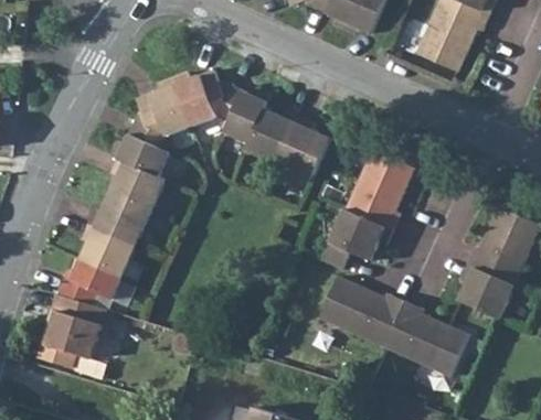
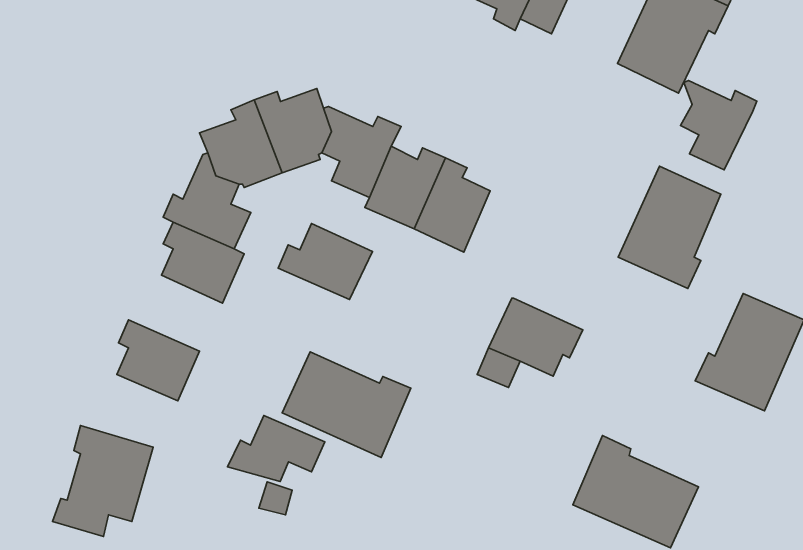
building: none -> [680,80,757,170]
building: [346,149,414,230] -> [618,166,721,289]
building: [88,194,151,245] -> [278,223,372,299]
building: [56,260,121,304] -> [227,415,325,482]
building: [457,265,515,319] -> none
building: [319,277,405,347] -> [282,352,411,458]

